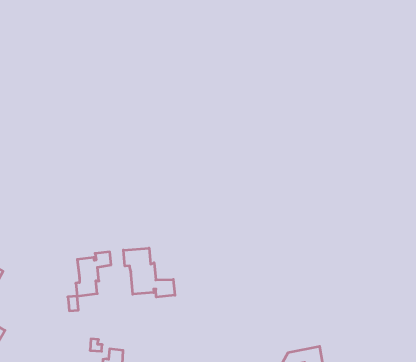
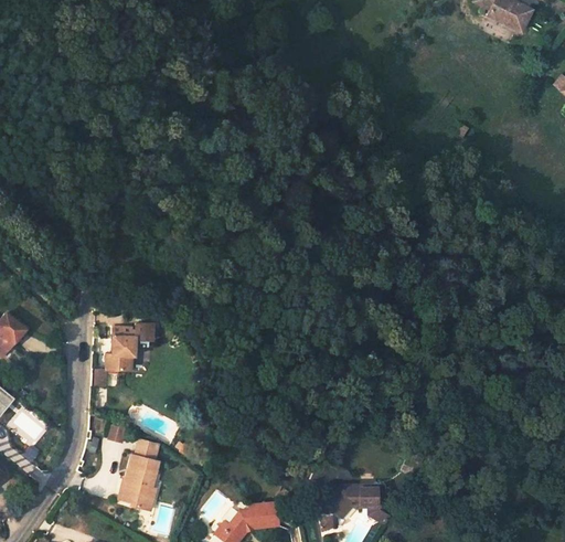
building: [123,248,175,297] -> none

